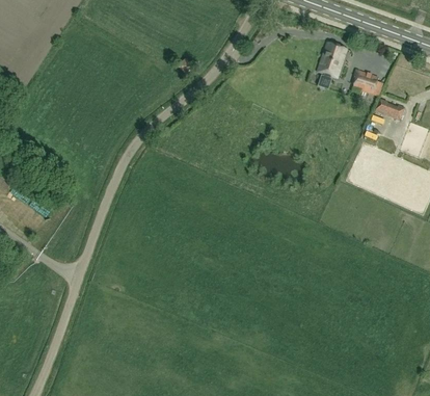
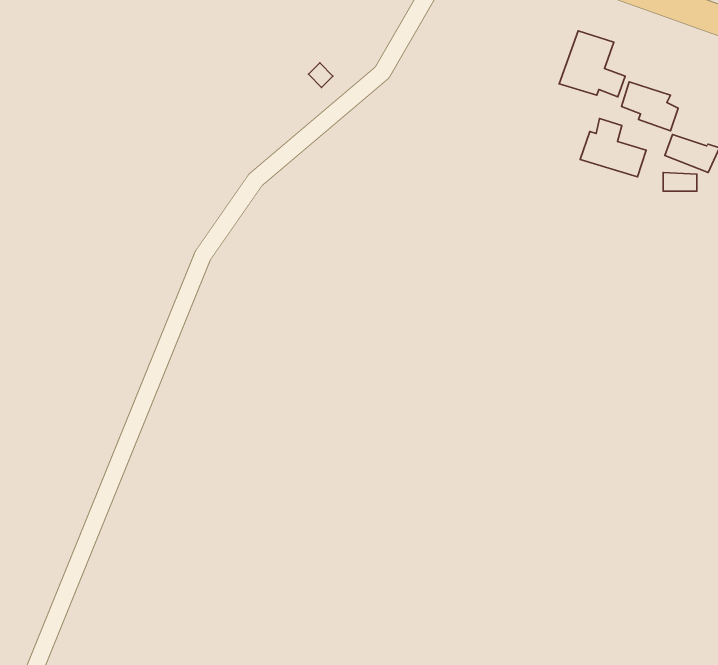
building: none -> [580,119,646,177]

